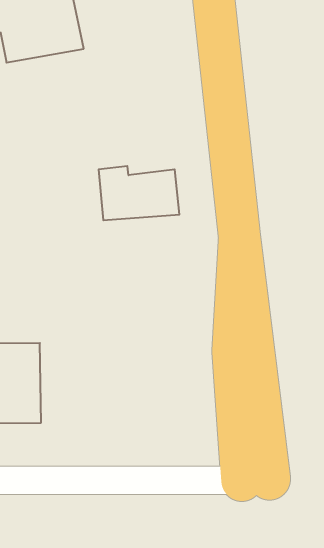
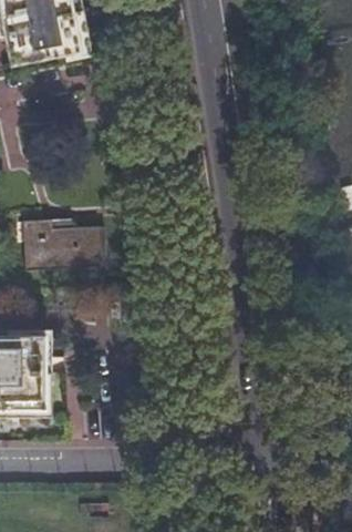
building: [99,166,179,220] -> [22,216,100,268]

